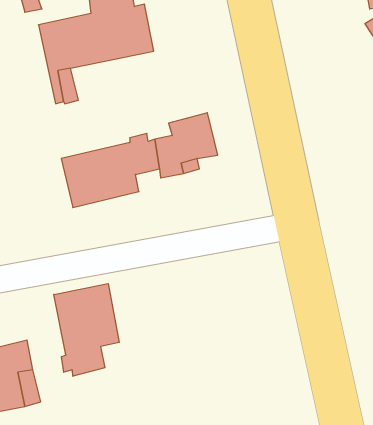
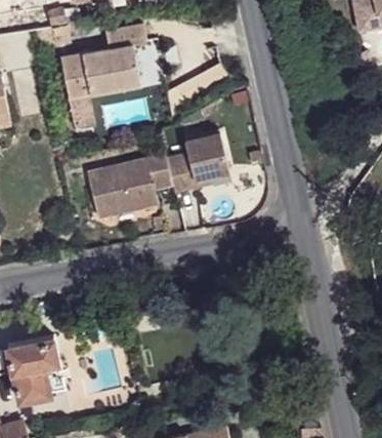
building: [54,284,119,376] -> none

